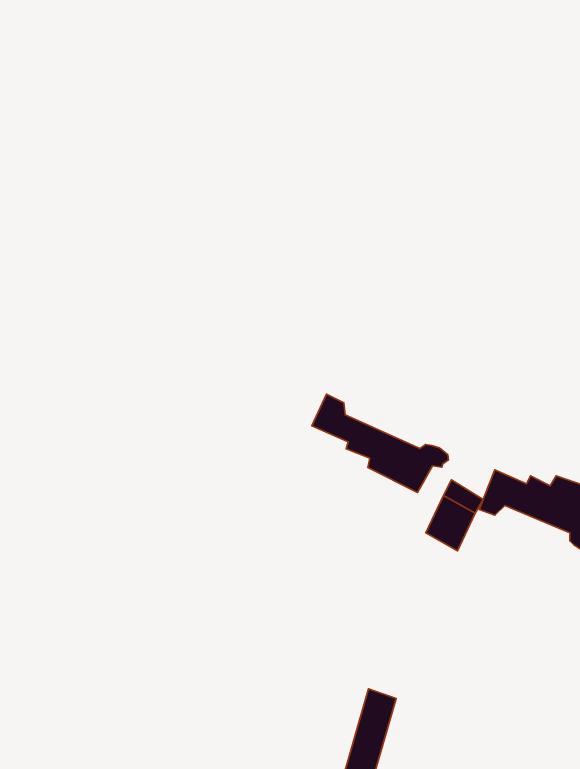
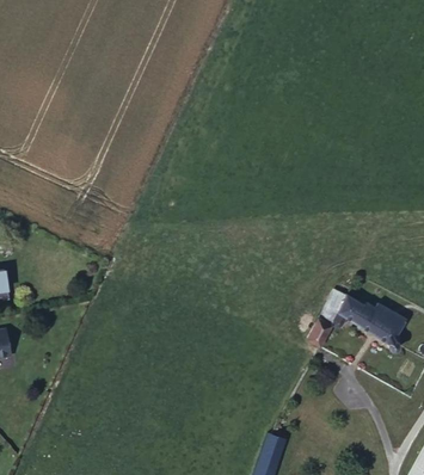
building: [312,394,448,493] -> none

